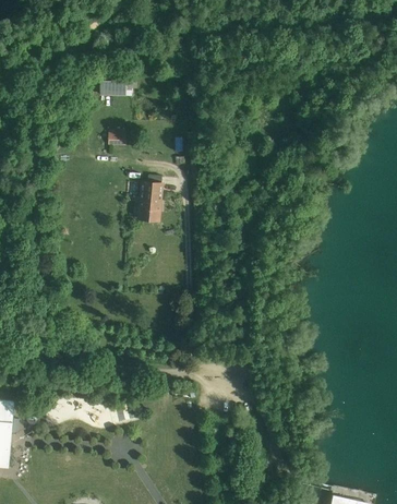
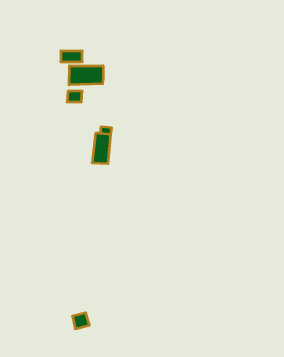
building: none -> [69,66,103,85]

